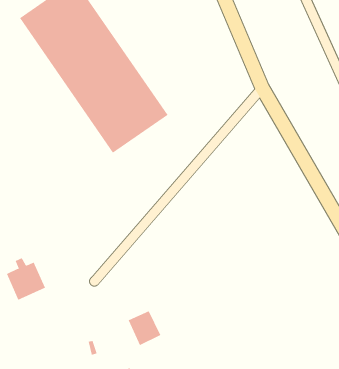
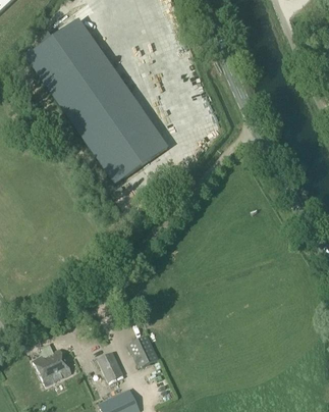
building: [6,258,46,301] -> [35,344,72,384]
building: none -> [98,351,124,380]

